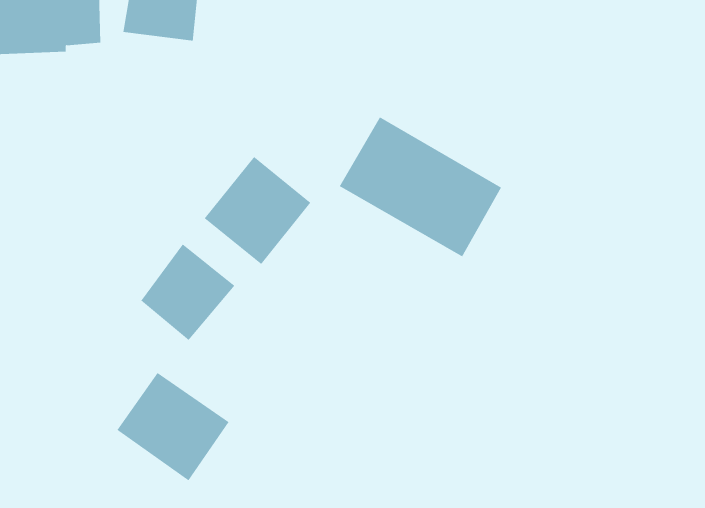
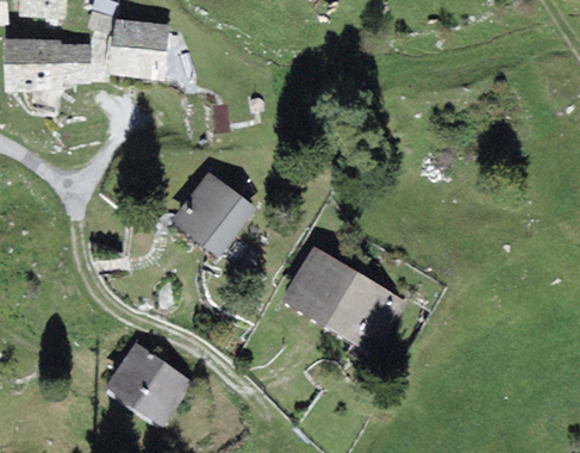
building: [339,117,502,257] -> [281,247,410,358]
building: [140,243,235,341] -> none

